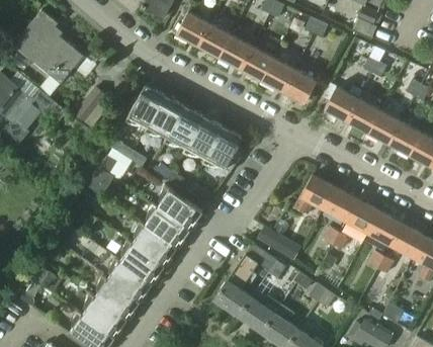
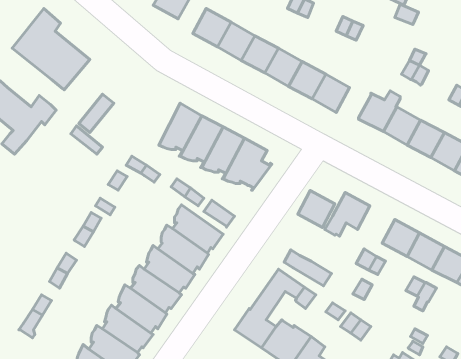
building: [125,85,165,133] -> none
building: [324,187,357,221] -> [298,190,335,228]

